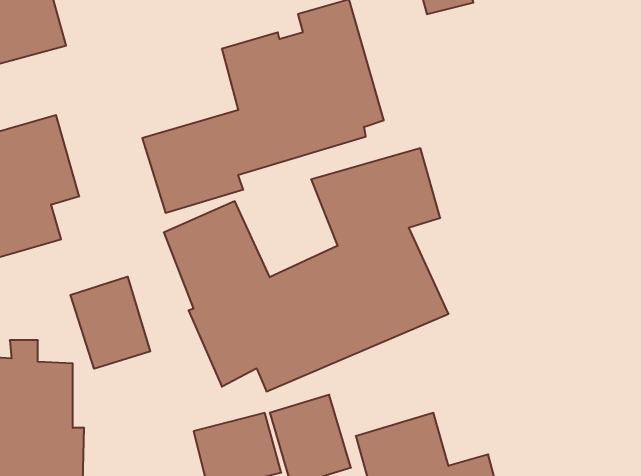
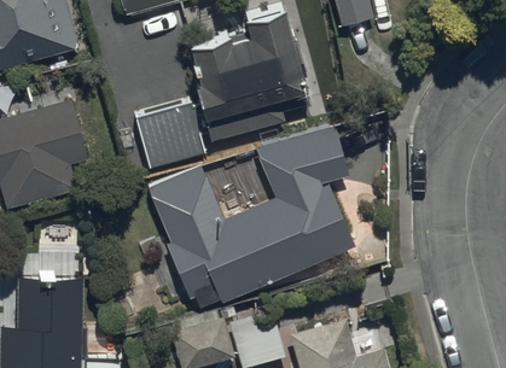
building: [70,277,150,369] -> none

